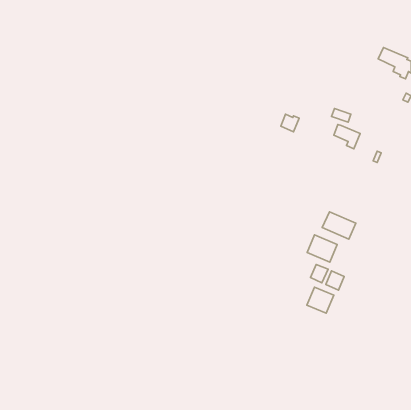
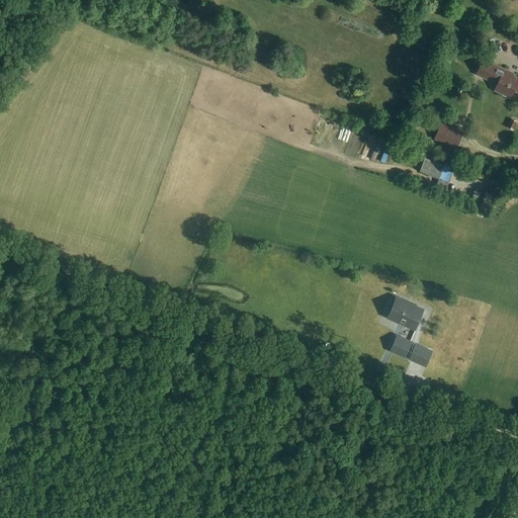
building: none -> [434,122,463,149]
building: [322,212,356,239] -> none
building: [307,287,334,313] -> none

